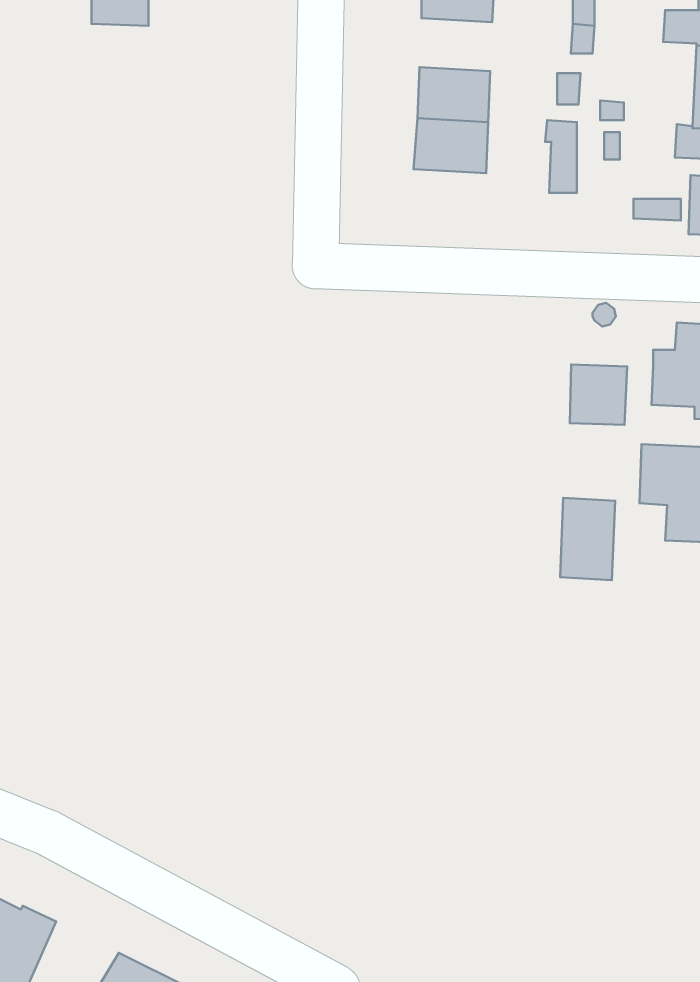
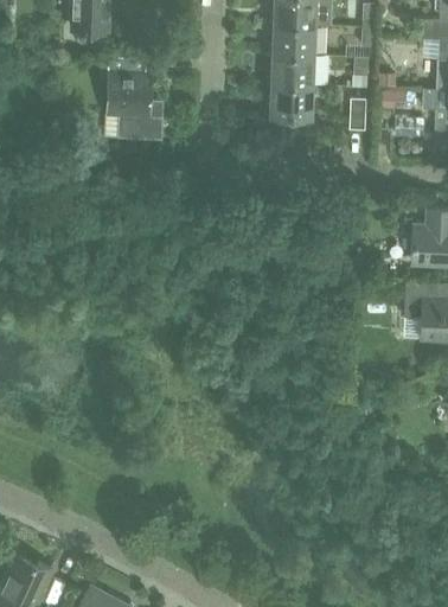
building: none -> [271,24,315,56]
building: none -> [107,56,165,138]
building: [570,365,627,425] -> none
building: [560,498,615,580] -> none

